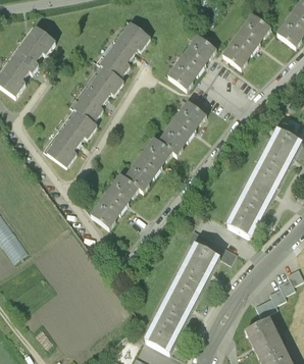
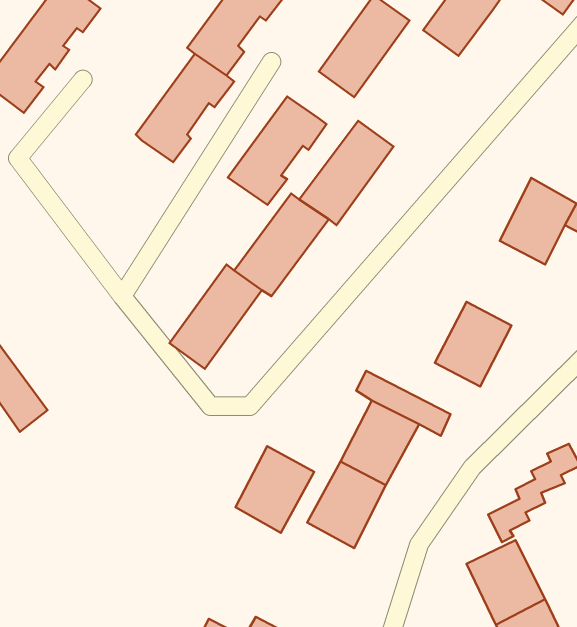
building: [45,110,96,166] -> [228,97,326,205]
building: [244,162,285,206] -> none
building: [145,308,186,353] -> [236,446,314,533]

